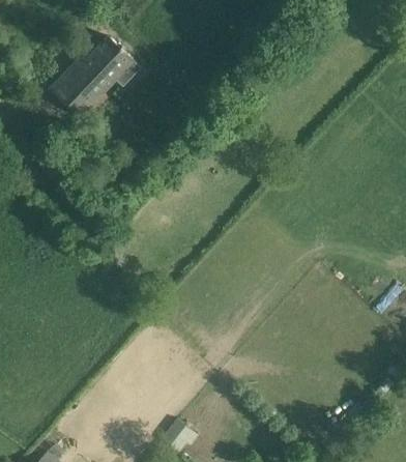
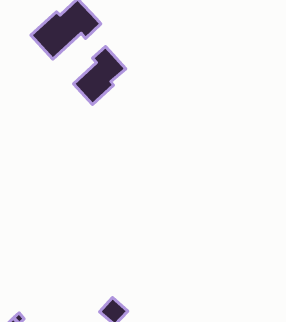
building: none -> [74,47,126,104]

